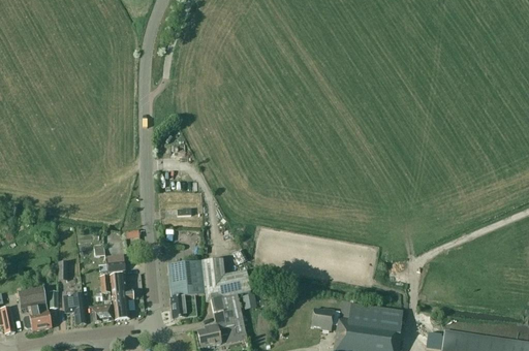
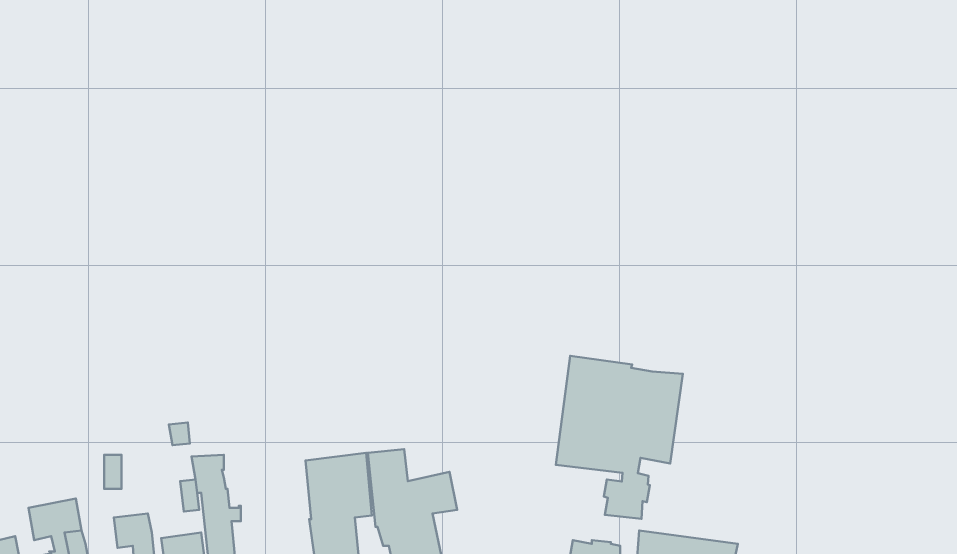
building: none -> [556,356,683,519]

